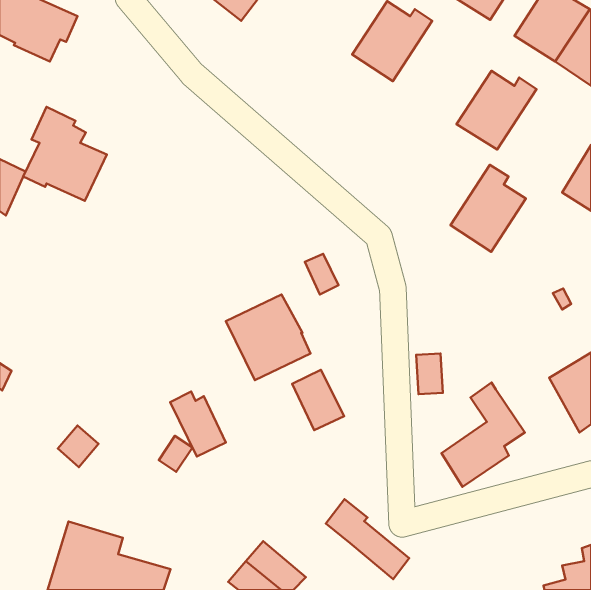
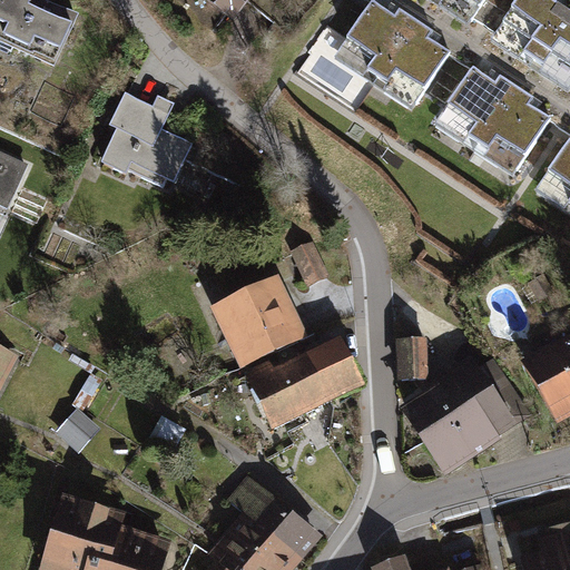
building: none -> [377,20,450,102]
building: [23,107,107,201] -> [104,96,184,186]
building: [451,165,526,252] -> [478,86,550,169]
building: none -> [308,340,358,400]
building: none -> [476,365,528,438]
building: [170,392,226,456] -> [248,364,302,426]
building: none -> [407,382,468,435]
building: [326,499,409,579] -> [229,478,309,554]

